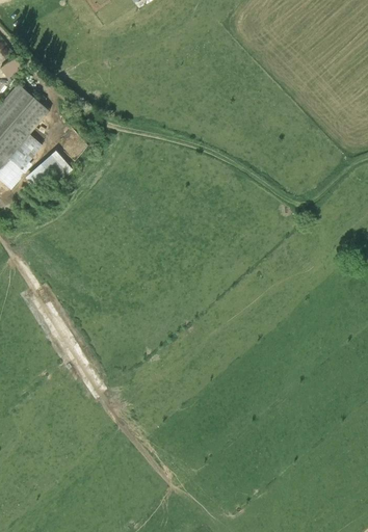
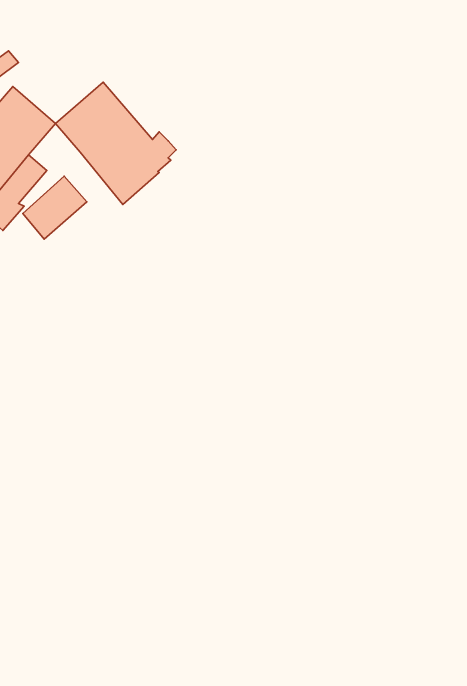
building: none -> [55,82,176,204]

